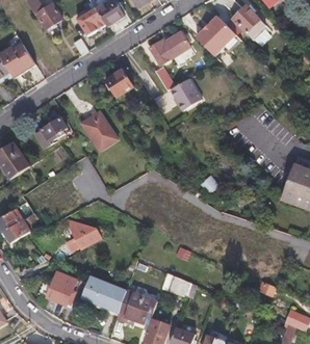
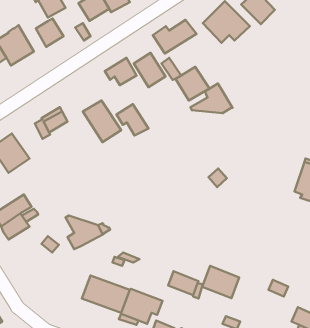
building: none -> [36,18,63,47]
building: none -> [134,53,165,87]
building: none -> [190,84,233,113]
building: none -> [117,104,148,136]
building: none -> [202,266,239,298]
building: [46,270,76,303] -> none

